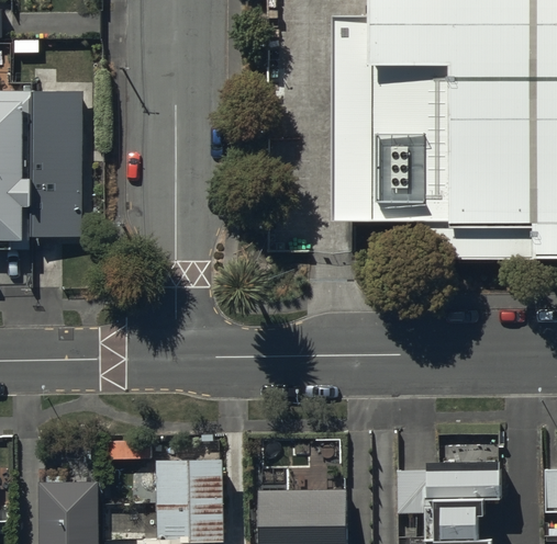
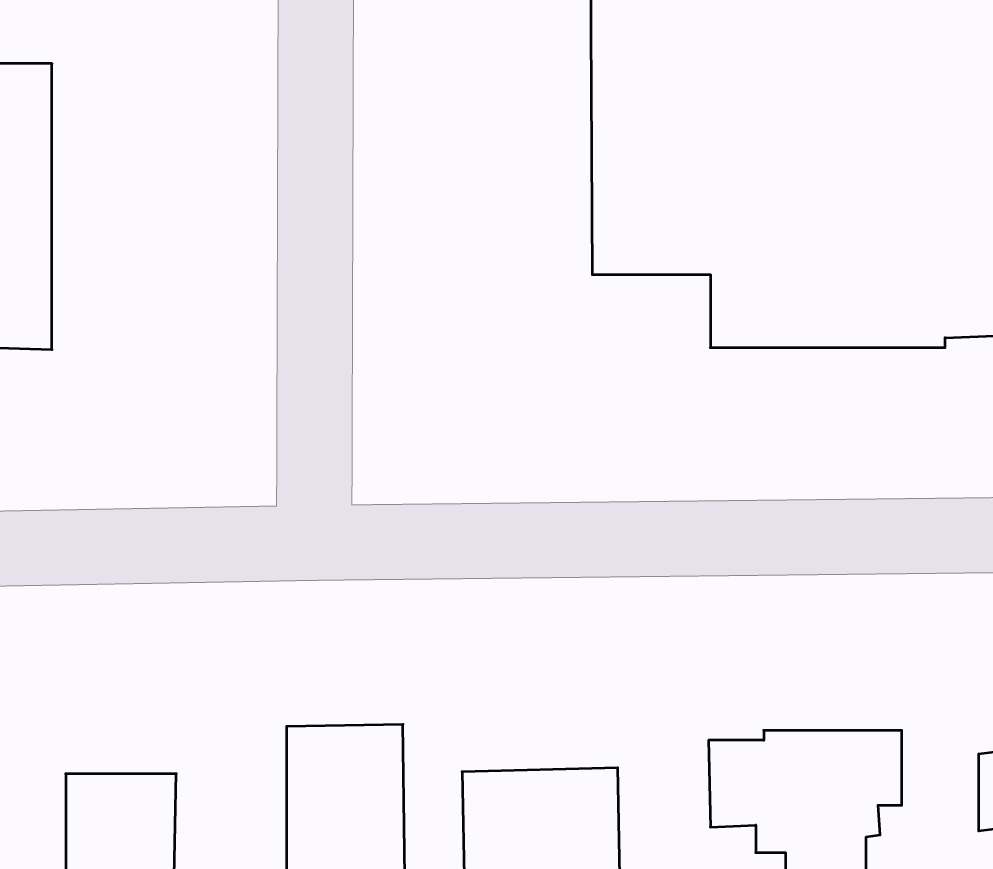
building: [32,91,83,237] -> none

